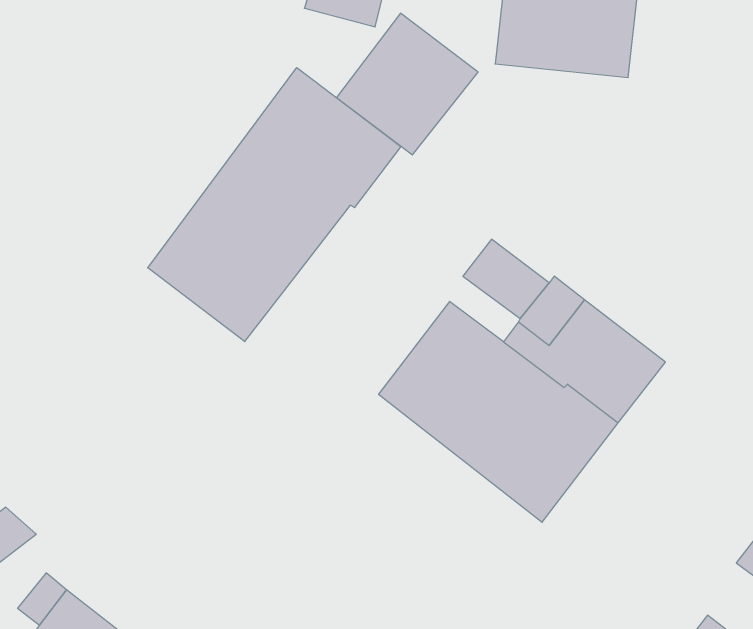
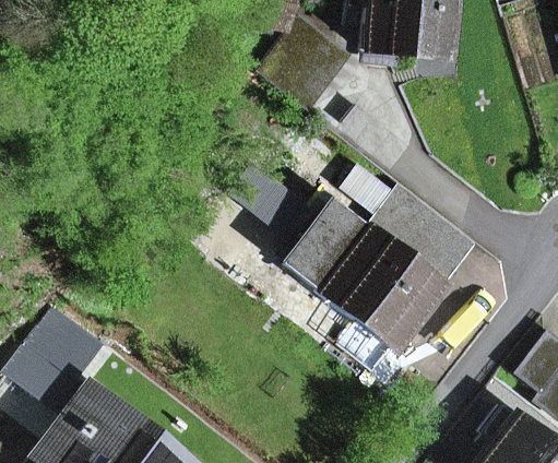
building: [148,68,401,342] -> none

